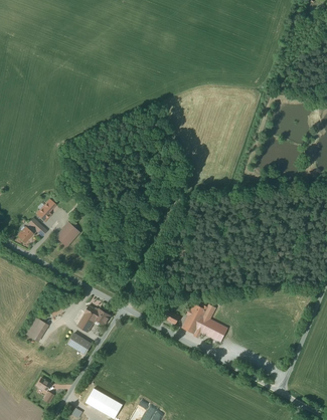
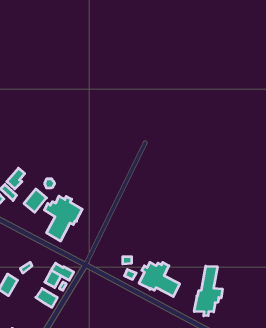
building: none -> [44,196,82,241]
building: none -> [194,266,222,316]

